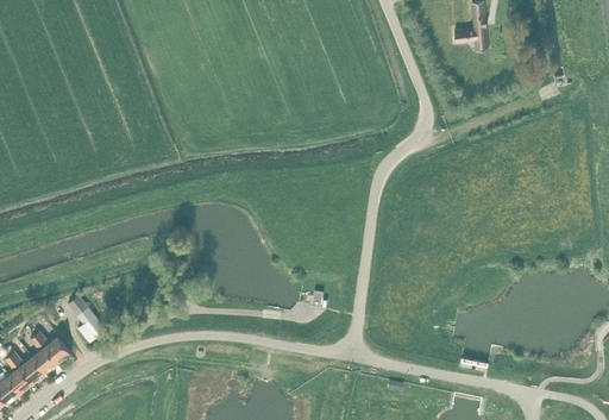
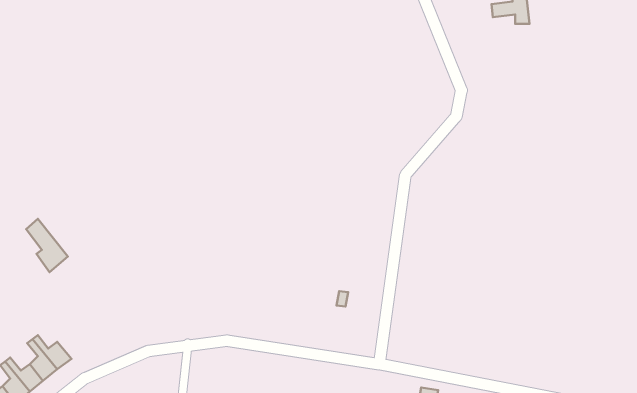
building: [68,294,106,343] -> [26,219,68,272]

